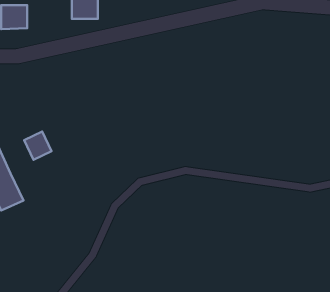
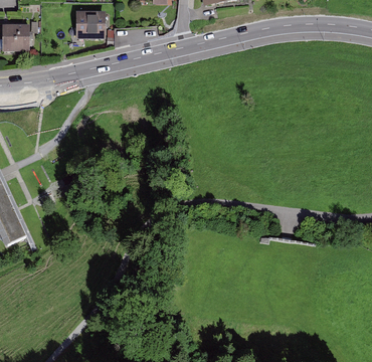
building: [24,132,52,160] -> none

